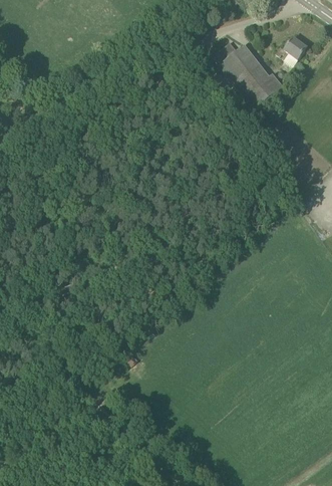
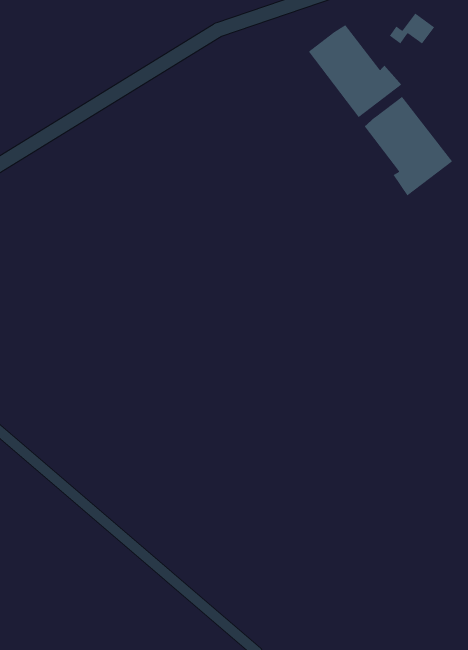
building: none -> [364,96,453,197]

